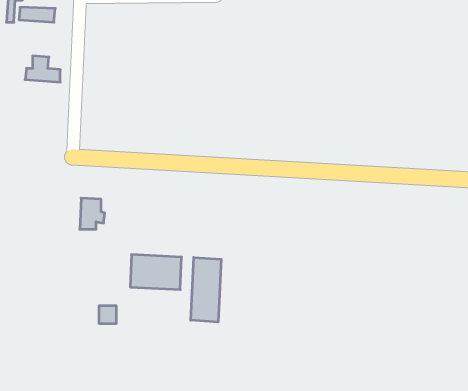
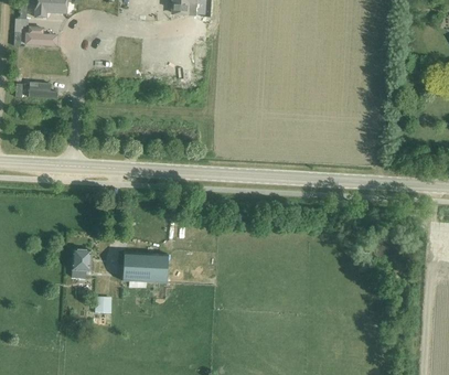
building: [80,198,105,229] -> [72,249,94,277]
building: [191,257,221,322] -> none

